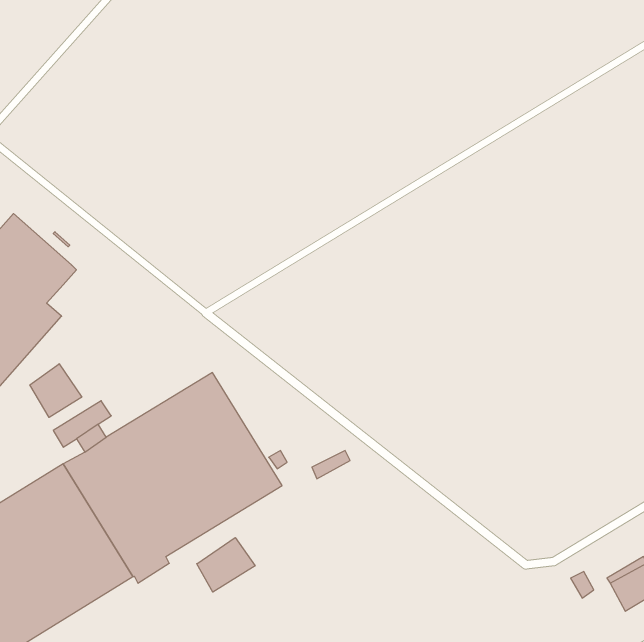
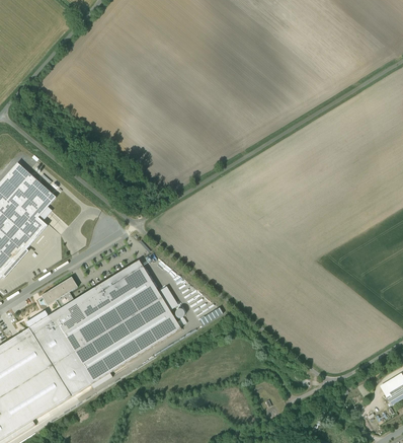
building: [30,364,82,417] -> none
building: [197,538,255,592] -> none

